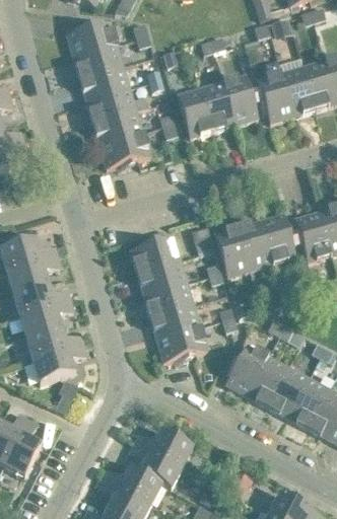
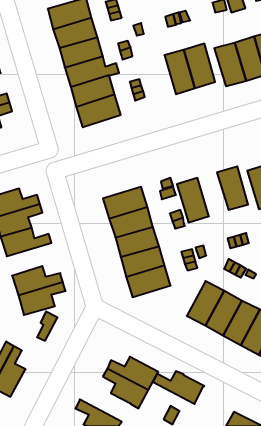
building: [176,86,212,137] -> none
building: [237,220,272,270] -> none
building: [19,300,73,338] -> none
building: [103,466,161,504] -> [153,371,204,404]

